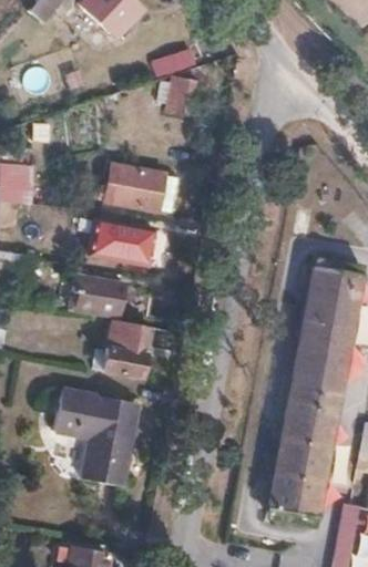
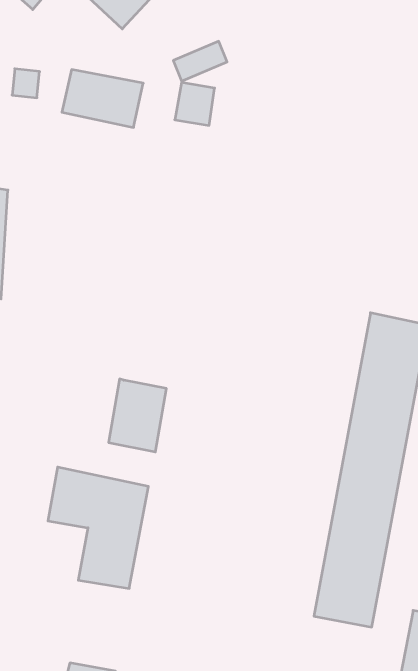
building: [112,166,177,213] -> [62,70,143,127]
building: [102,219,154,265] -> none
building: [75,278,122,320] -> none

